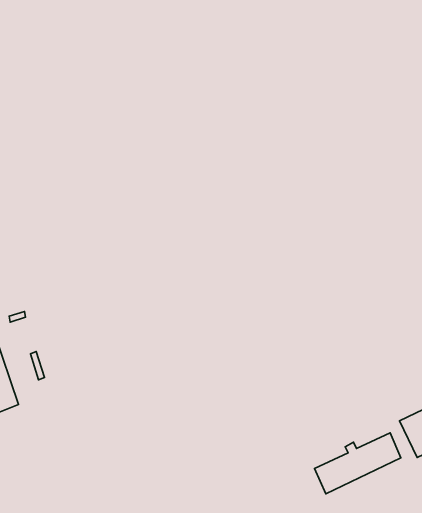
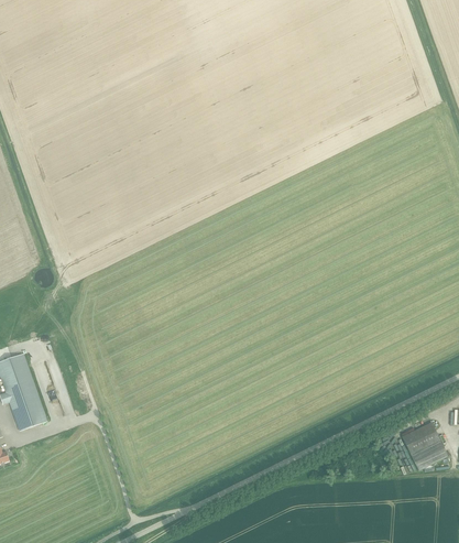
building: [314,433,401,494] -> none

